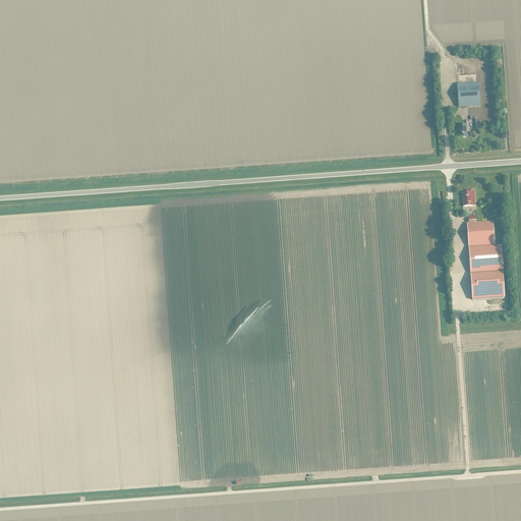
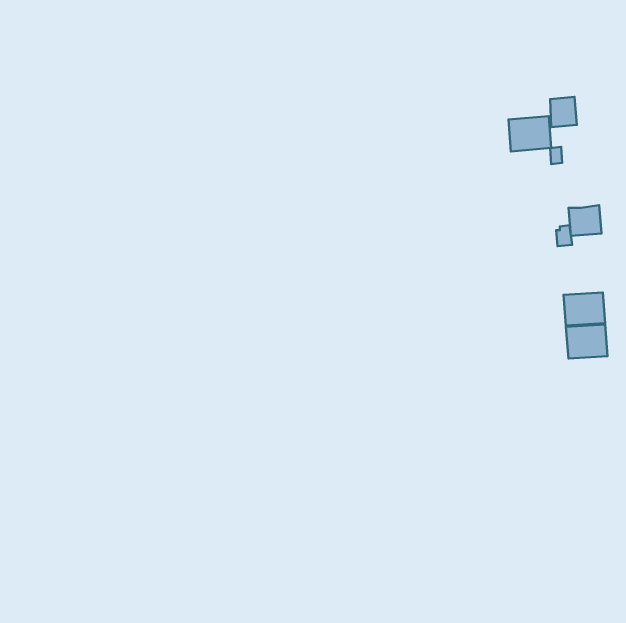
building: none -> [509,116,551,151]
building: [466,219,494,244] -> [569,205,602,236]

